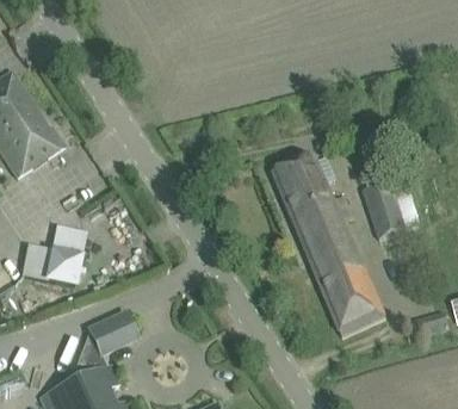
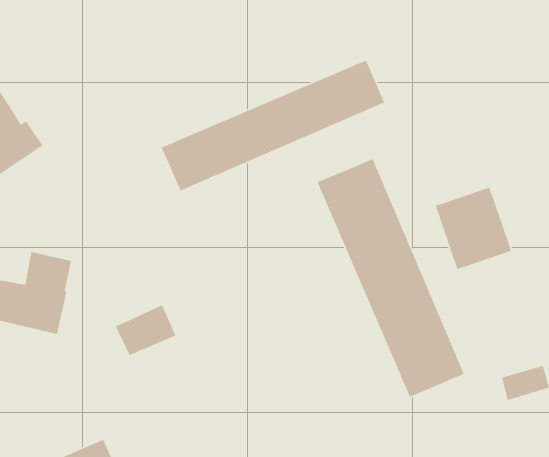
building: none -> [161,59,385,191]
building: [88,311,135,351] -> [115,304,177,356]

